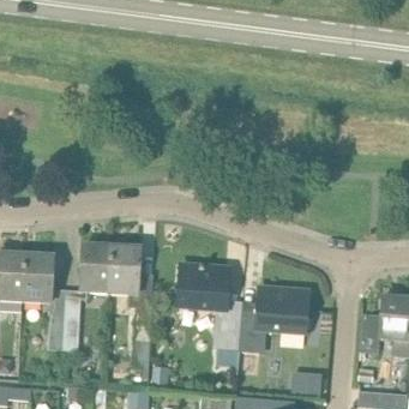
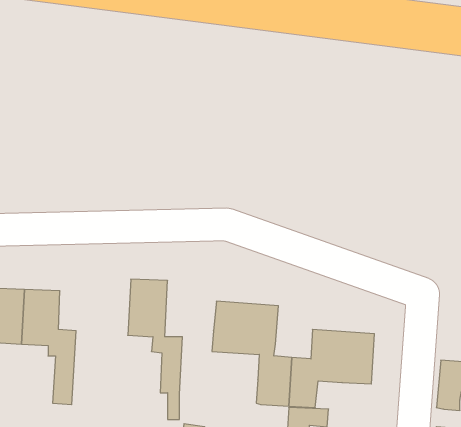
building: [62,246,110,350] -> none

